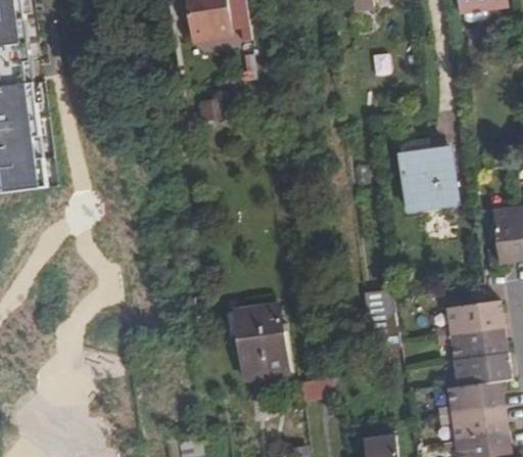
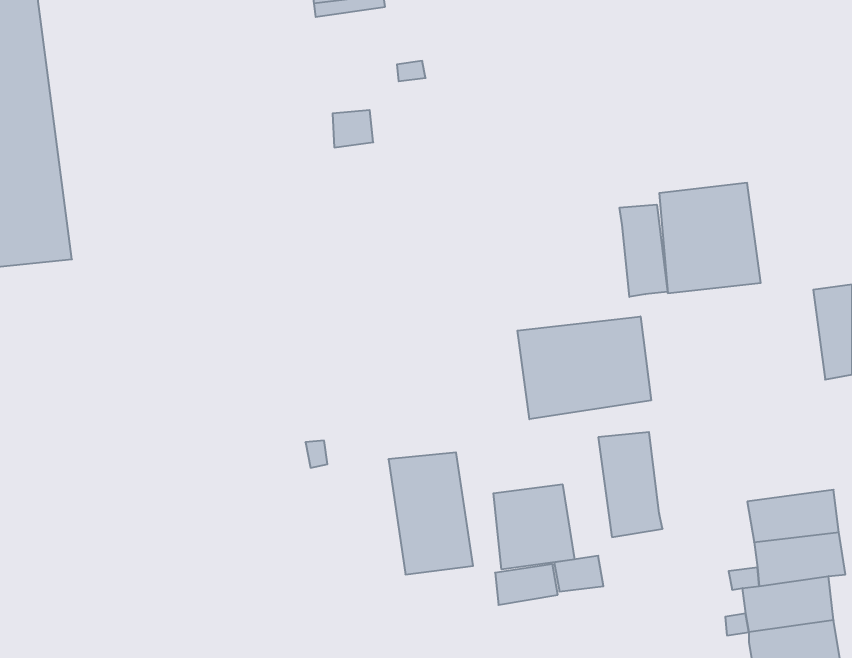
building: none -> [620,205,668,297]
building: none -> [517,316,651,419]
building: [448,302,504,335] -> none
building: none -> [493,484,574,569]

